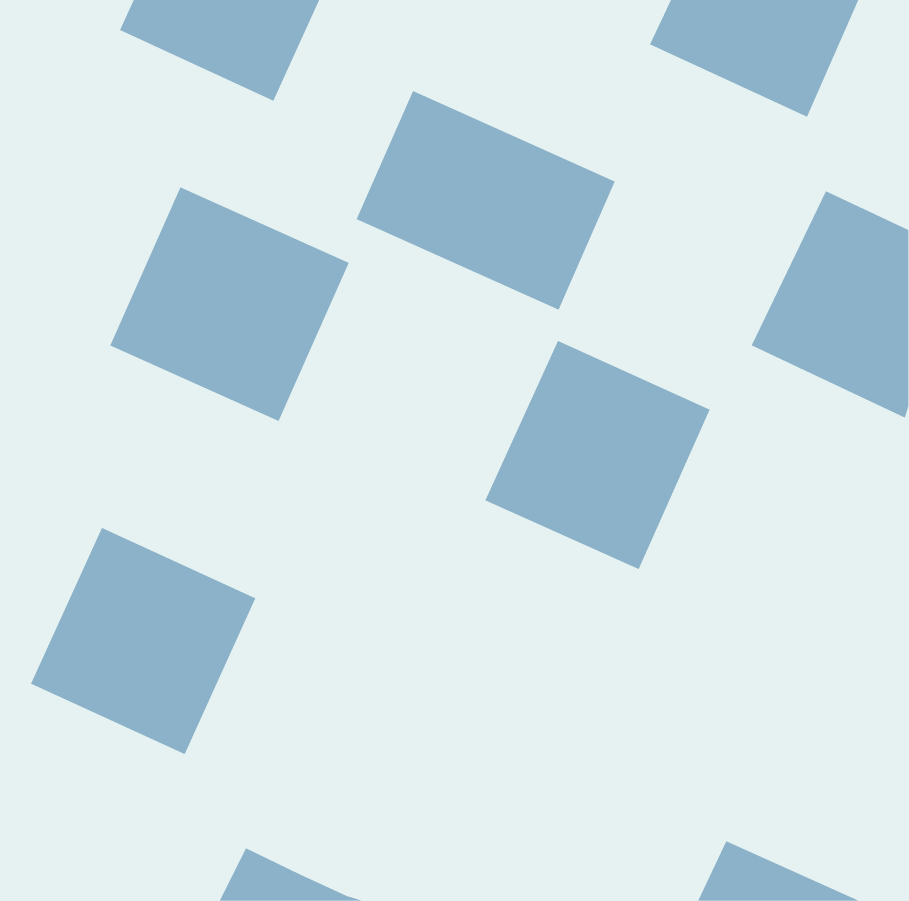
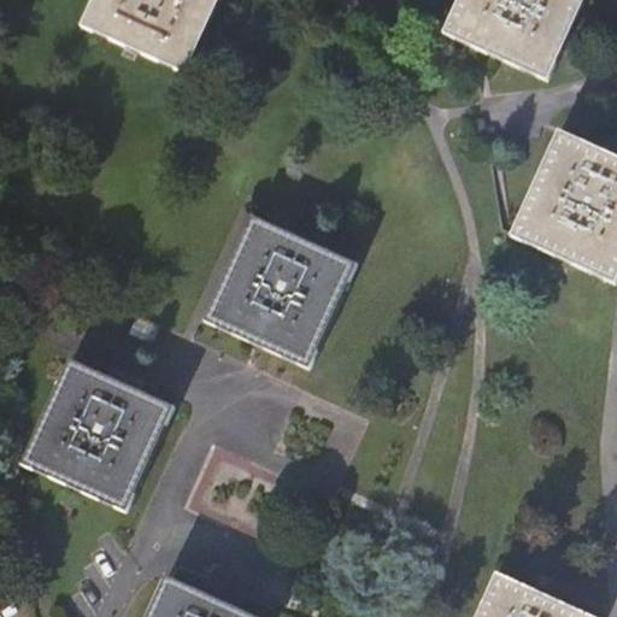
building: [356,90,616,310] -> none
building: [110,186,350,422] -> none
building: [485,340,710,570] -> [201,215,354,370]

